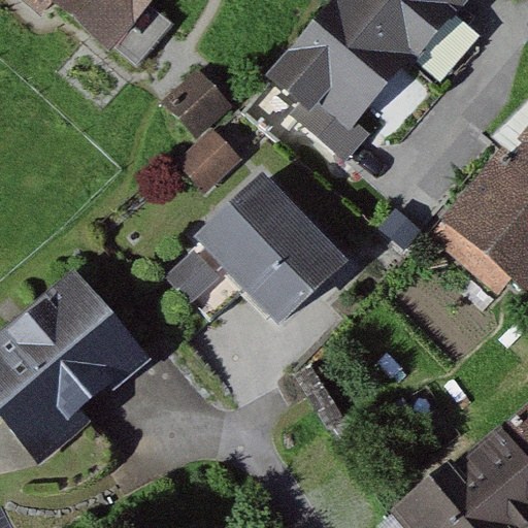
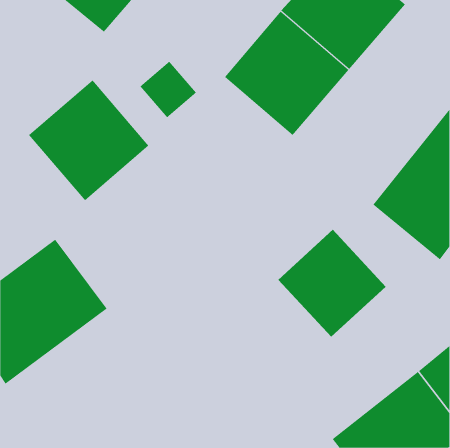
building: none -> [28,79,149,201]
building: [197,172,349,325] -> none
building: none -> [278,229,386,338]

